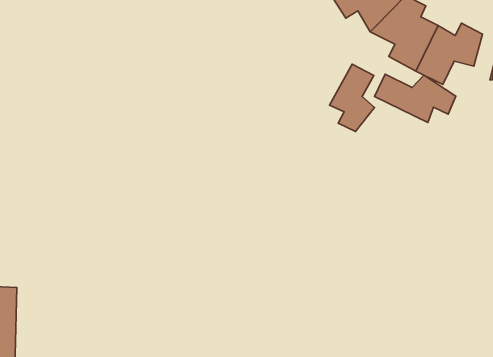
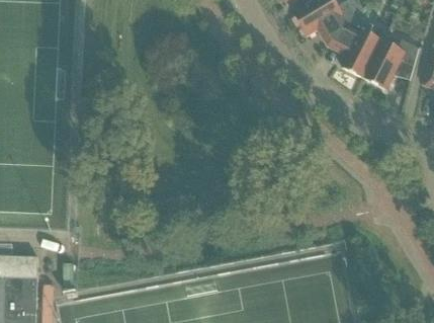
building: [330,64,374,132] -> none
building: [374,74,456,122] -> none

